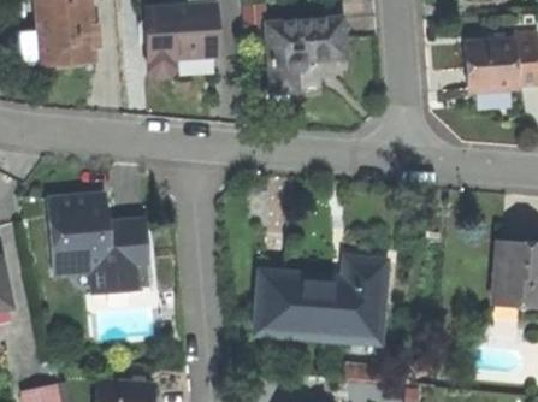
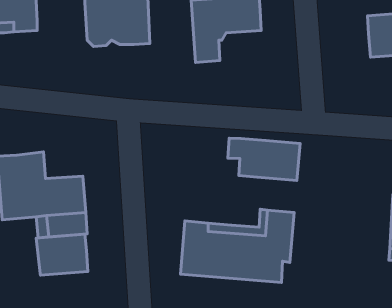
building: none -> [228,138,300,181]
building: none -> [36,234,88,275]

